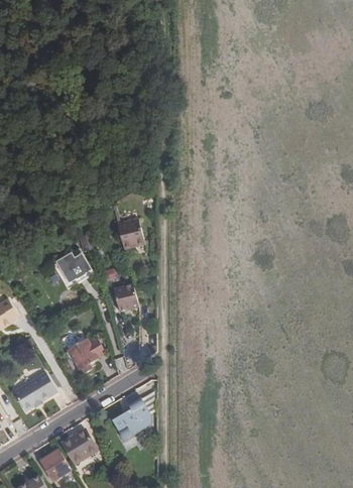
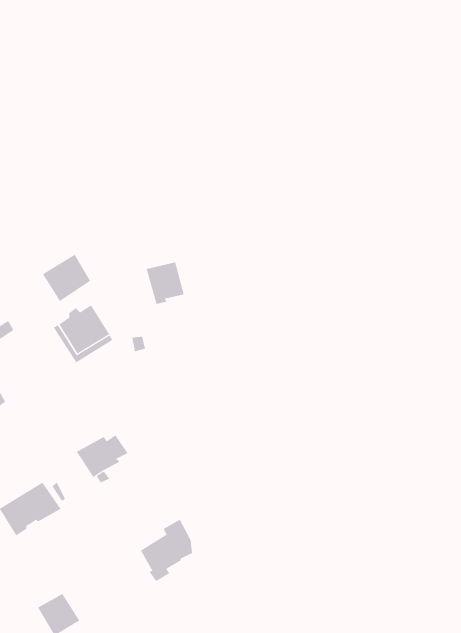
building: none -> [42,254,91,302]
building: [112,283,137,311] -> none
building: [62,431,96,464] -> none

